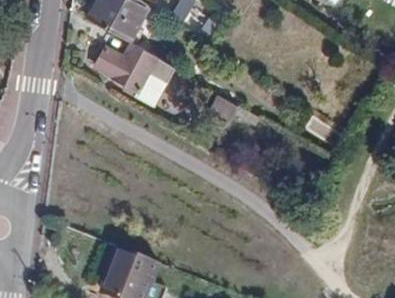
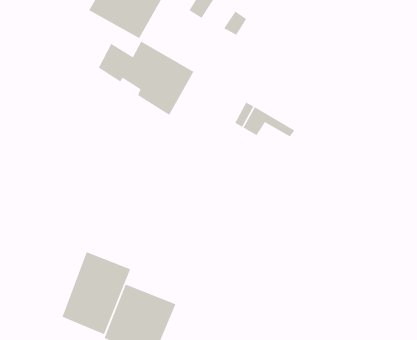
building: none -> [61,251,131,335]

